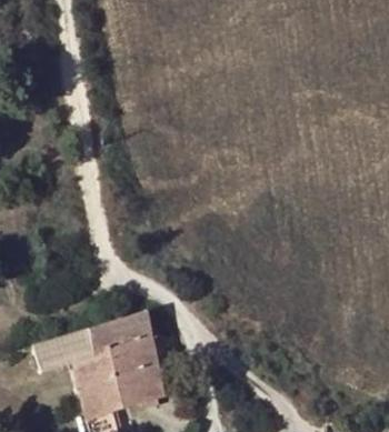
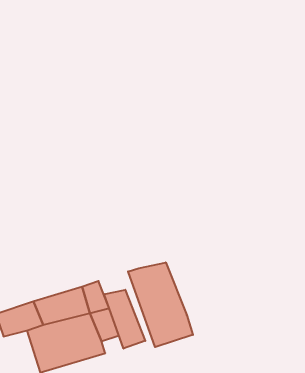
building: none -> [128,262,193,347]
building: none -> [104,290,145,349]

